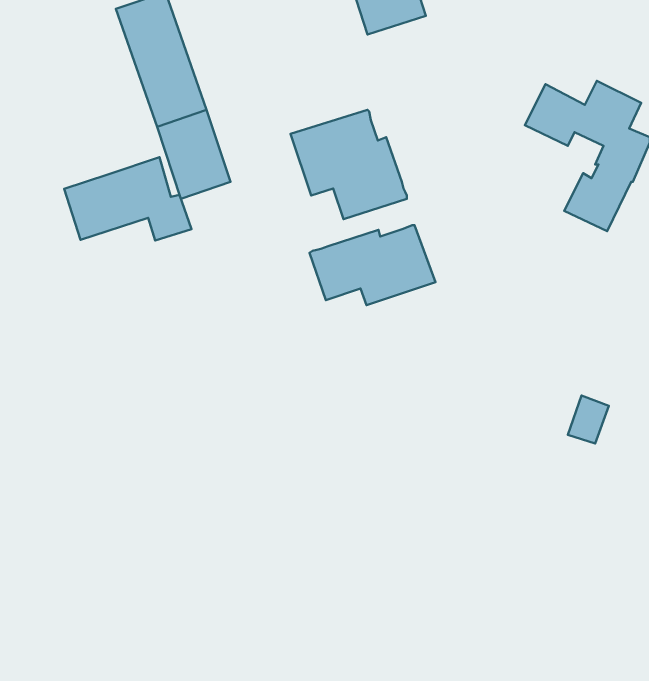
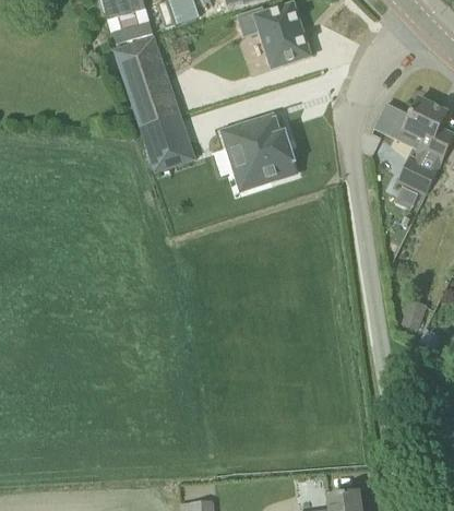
building: [64,157,191,240] -> none
building: [309,225,436,305] -> none

